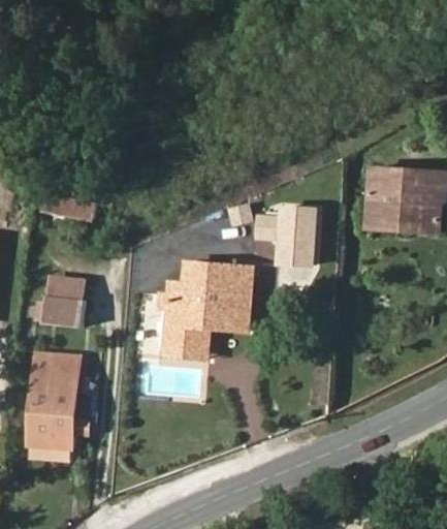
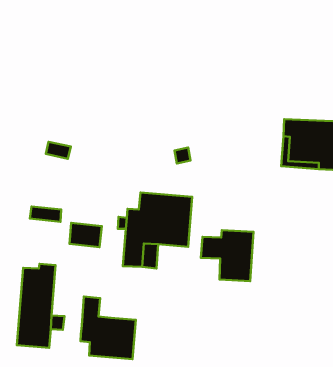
building: [252,206,319,271] -> [201,230,253,281]
building: [42,294,84,325] -> [69,223,102,247]
building: none -> [80,296,136,359]

